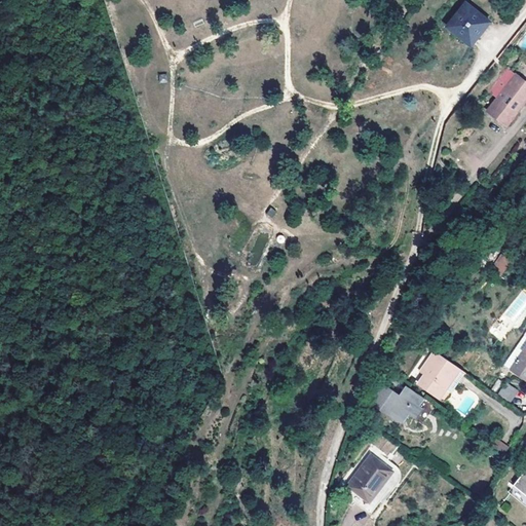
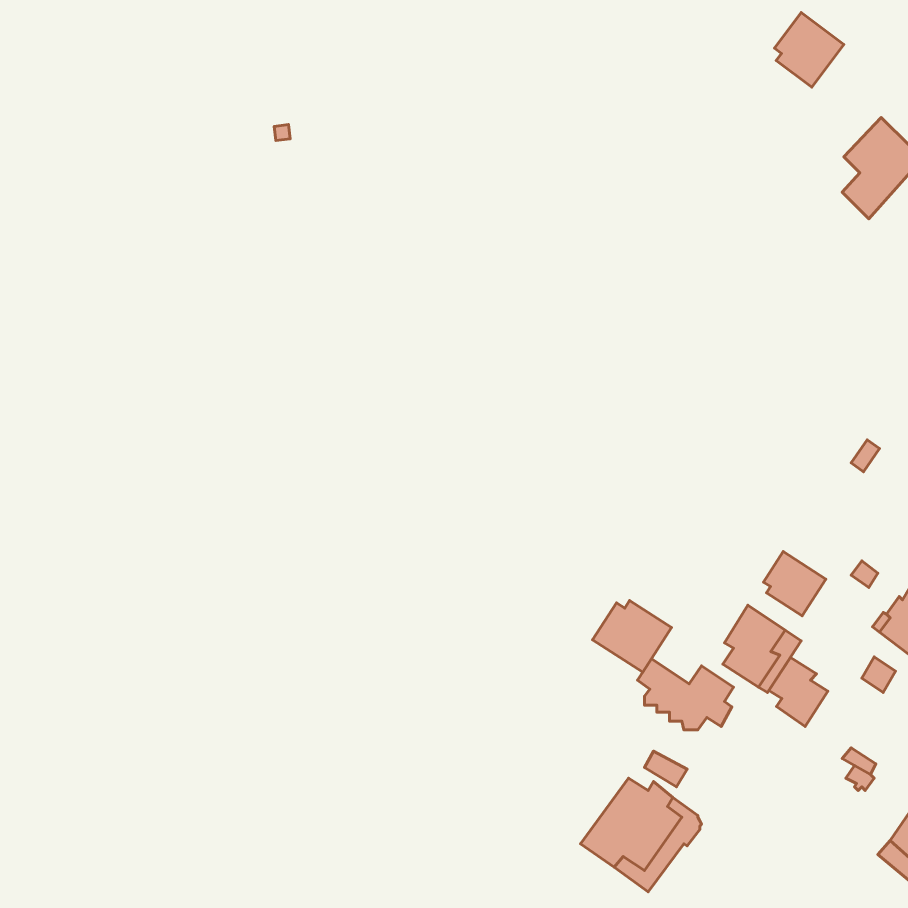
building: none -> [763,551,826,616]
building: none -> [593,601,671,672]
building: none -> [769,657,828,726]

